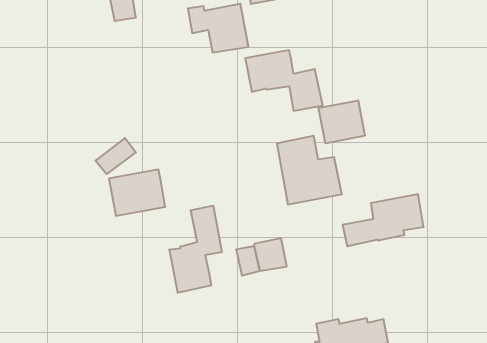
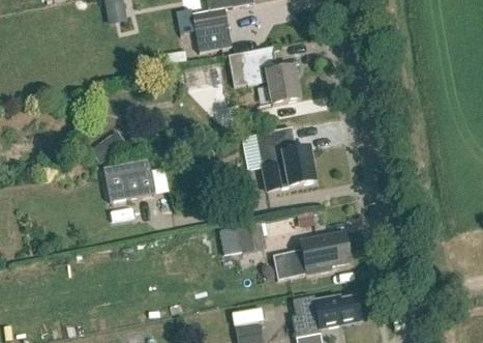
building: [319,100,365,143] -> none
building: [343,194,424,246] -> [275,232,350,280]
building: [169,206,222,293] -> none

